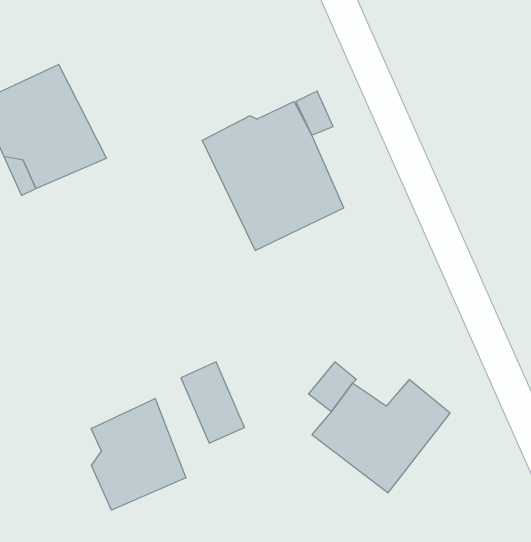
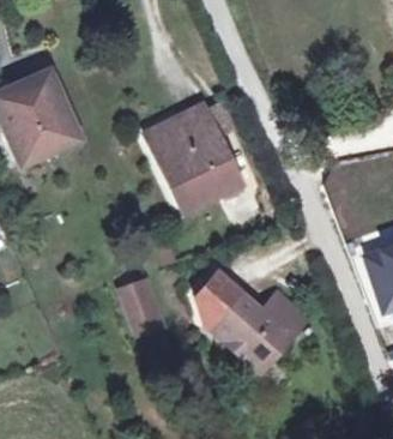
building: [91,398,186,510] -> none

